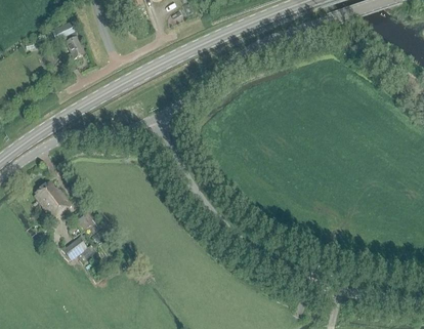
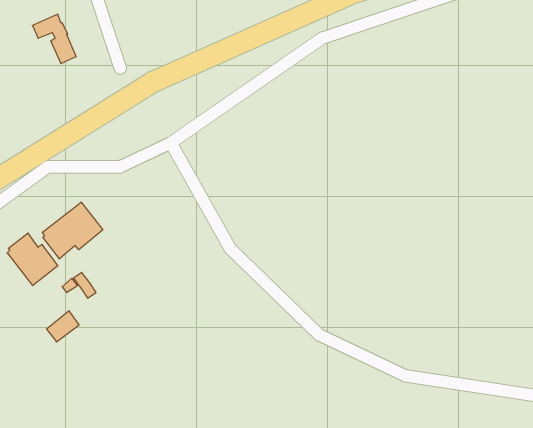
building: none -> [42,202,103,259]

